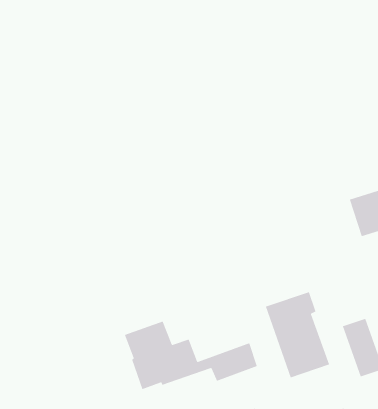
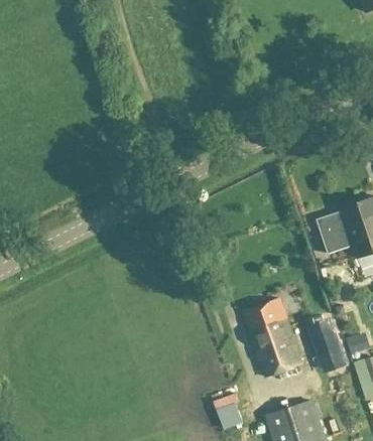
building: [124,321,258,390] -> none

